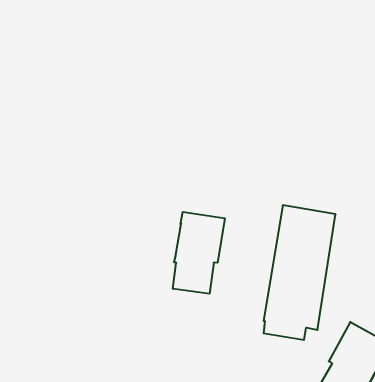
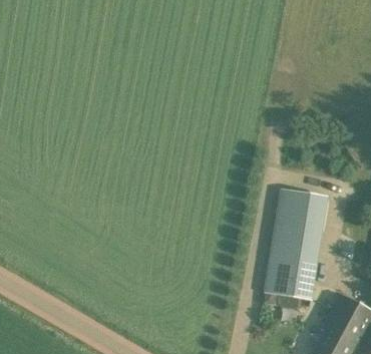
building: [173,212,225,294] -> none

